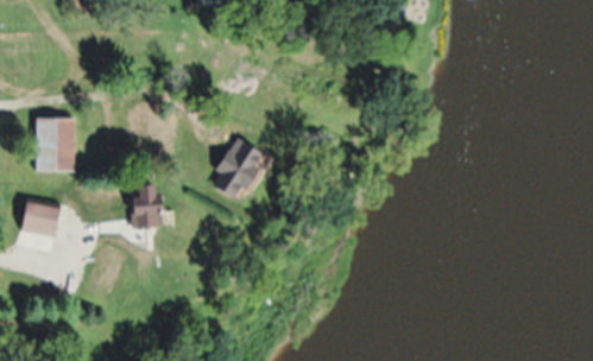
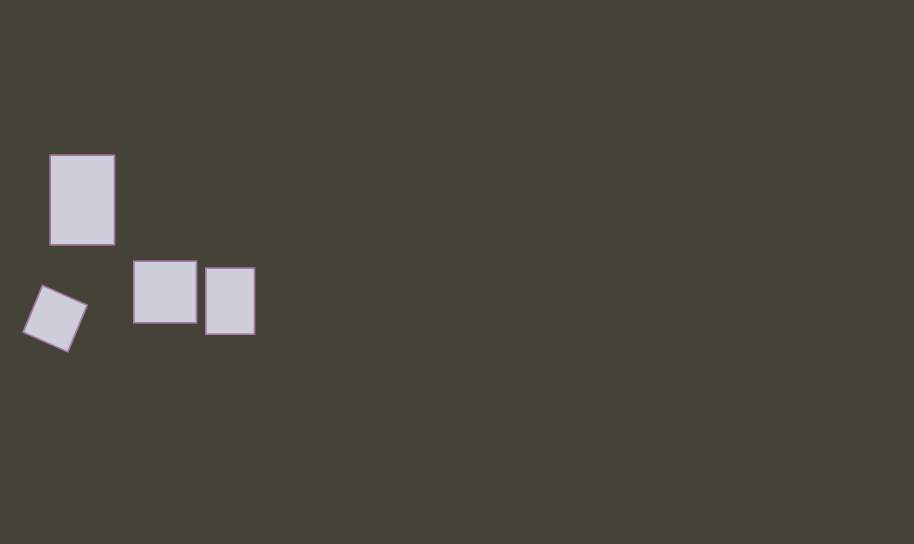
building: [208,135,261,198] -> none
building: none -> [134,261,197,323]

